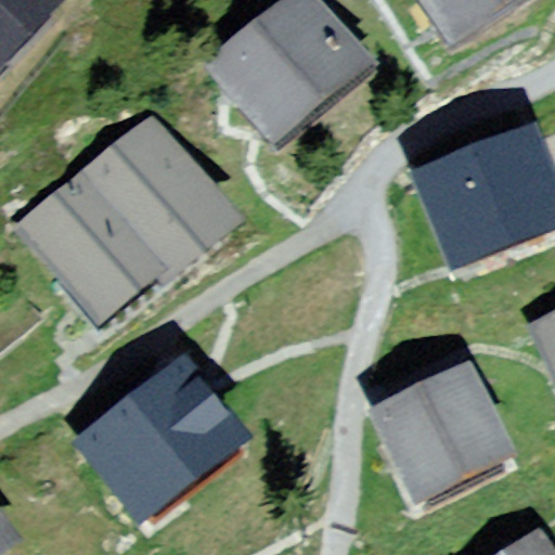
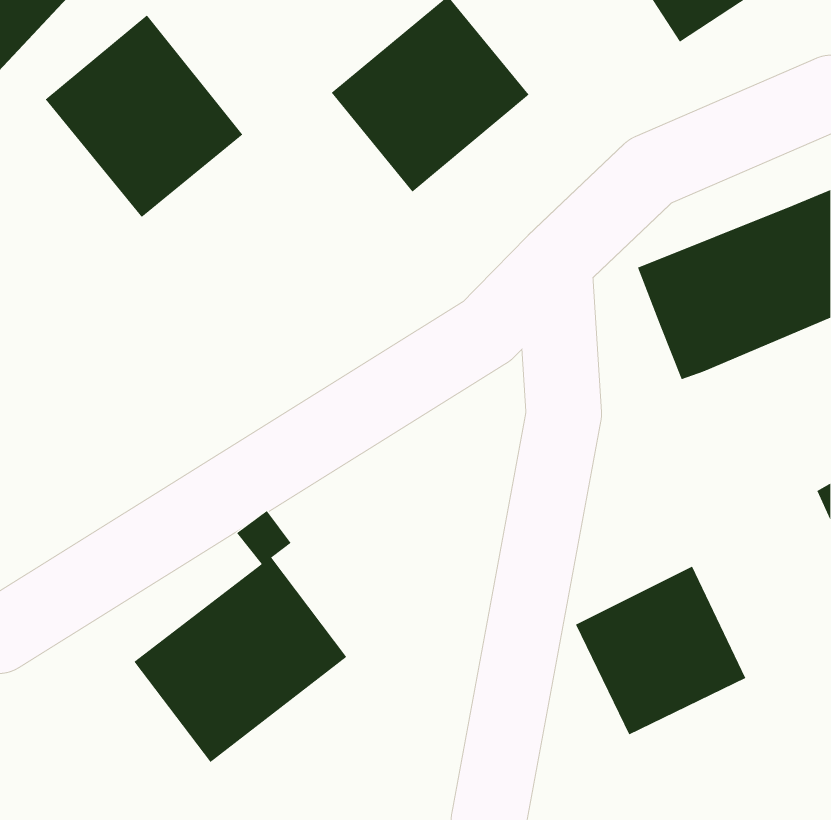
building: none -> [45,14,243,218]
building: [30,128,223,307] -> none

